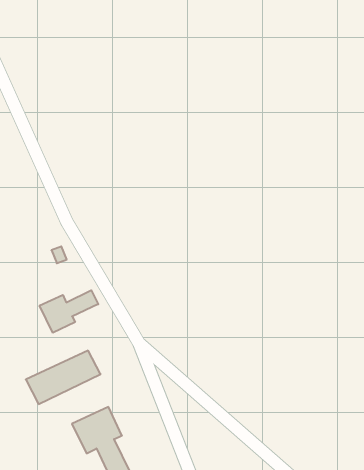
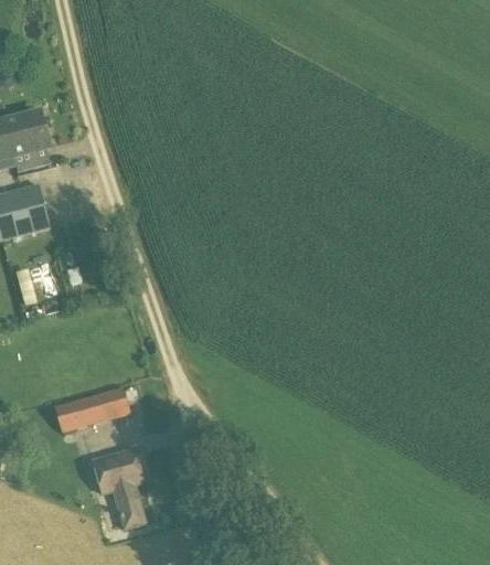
building: [40,290,98,333] -> none

